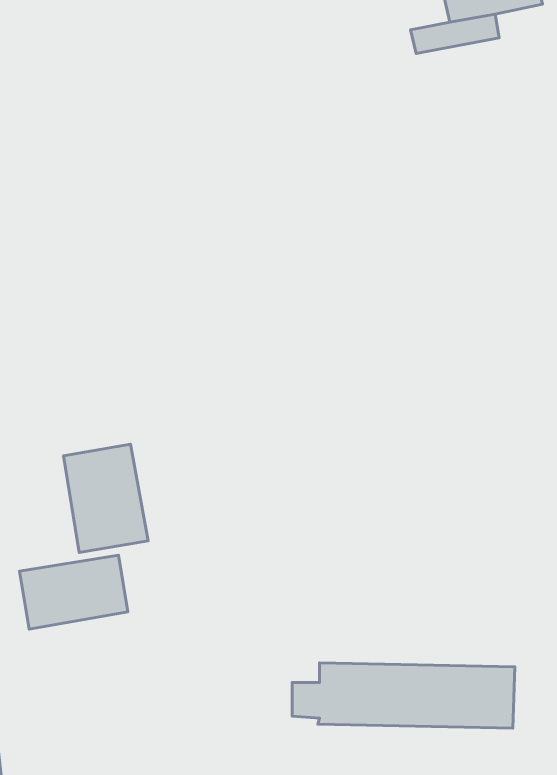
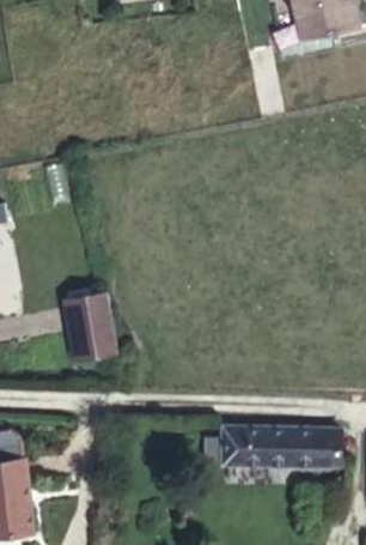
building: [19,555,128,629] -> none

